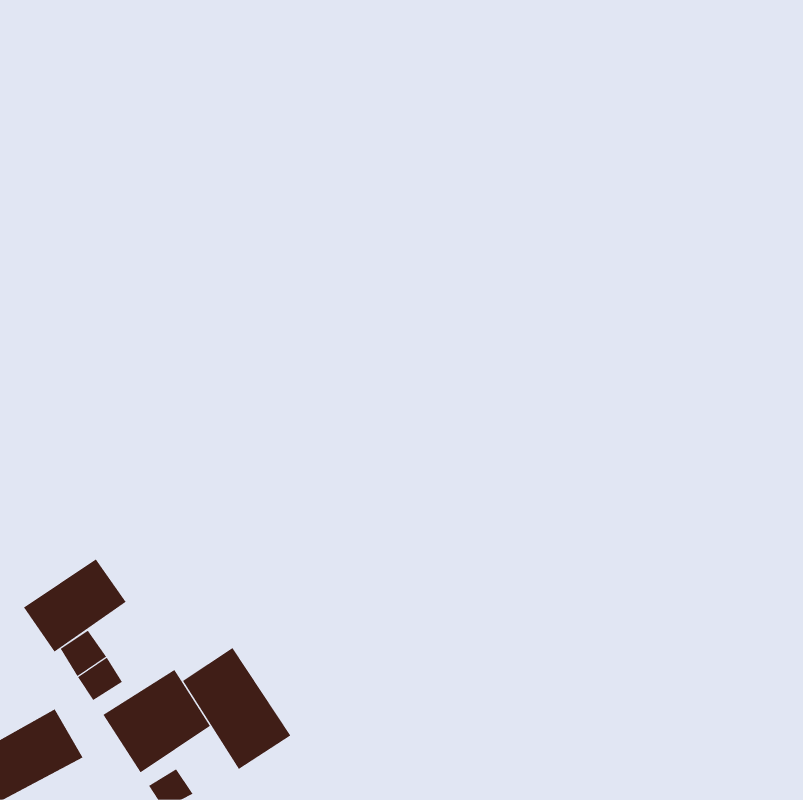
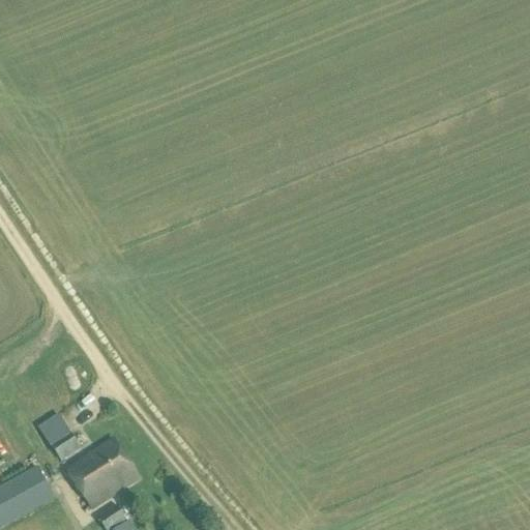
building: [23,558,126,653] -> none
building: [182,647,291,770] -> none

